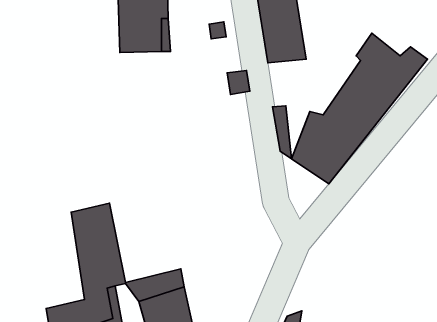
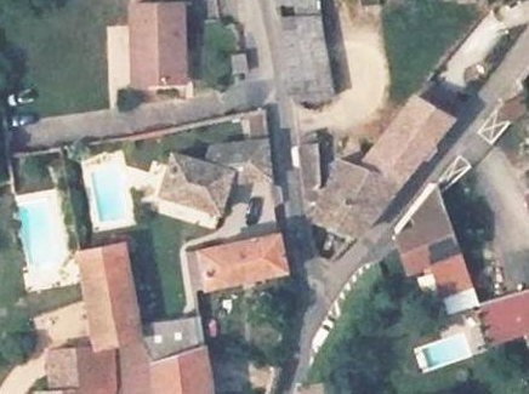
building: none -> [164,144,273,218]
building: none -> [394,182,467,299]
building: none -> [184,235,291,295]

